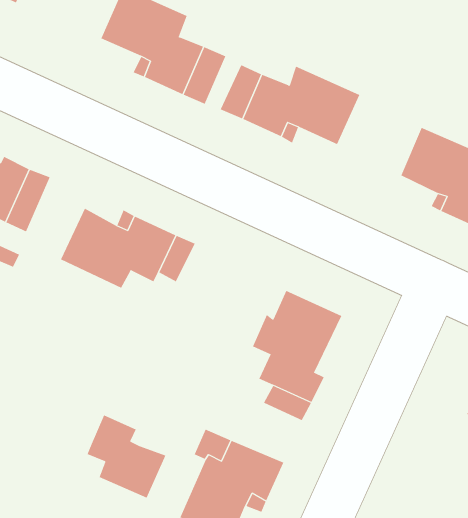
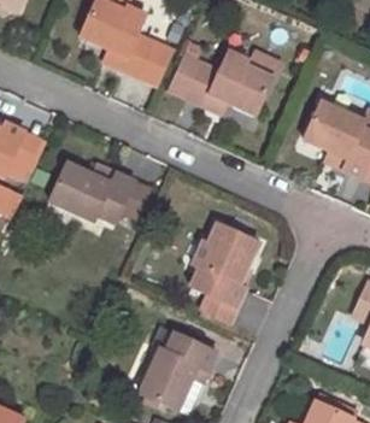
building: [87,415,166,499] -> none

